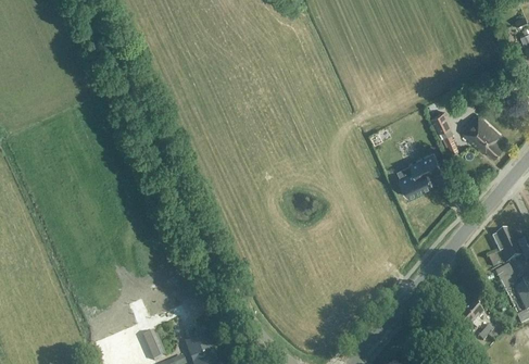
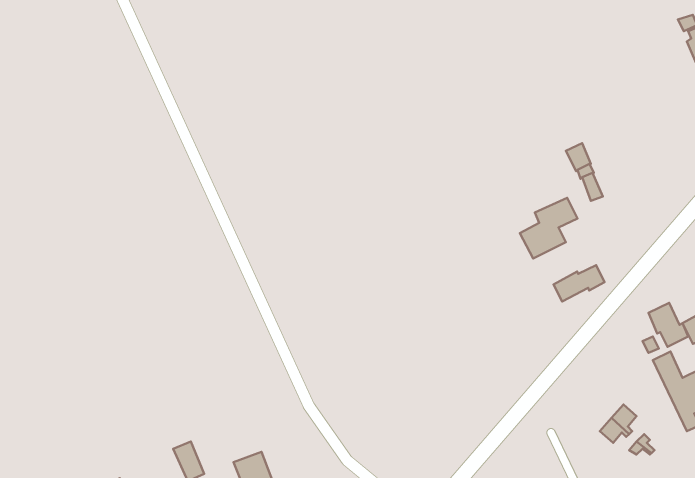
building: [462,114,502,156] -> none
building: none -> [554,265,605,302]

